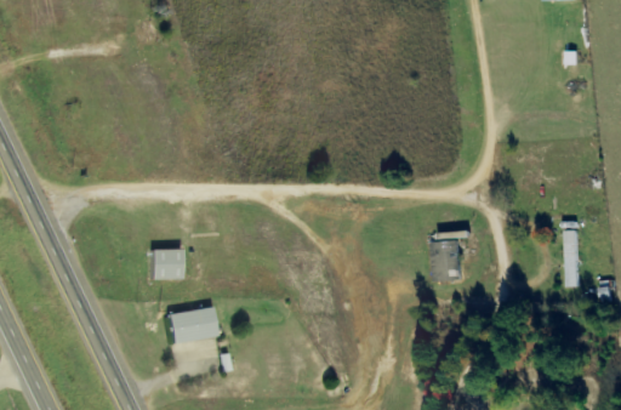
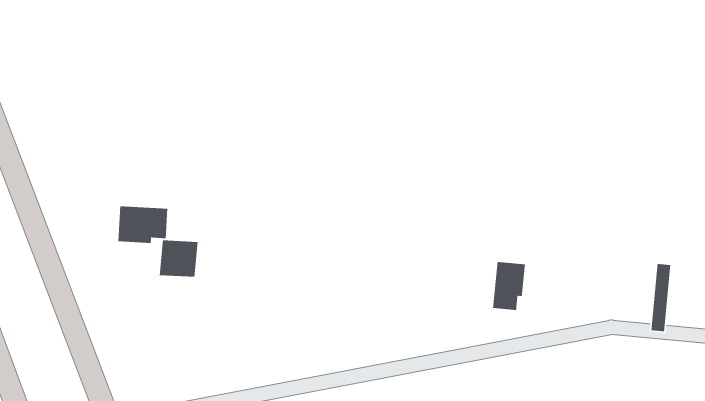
building: none -> [117,206,168,244]
building: [170,306,218,342] -> none

